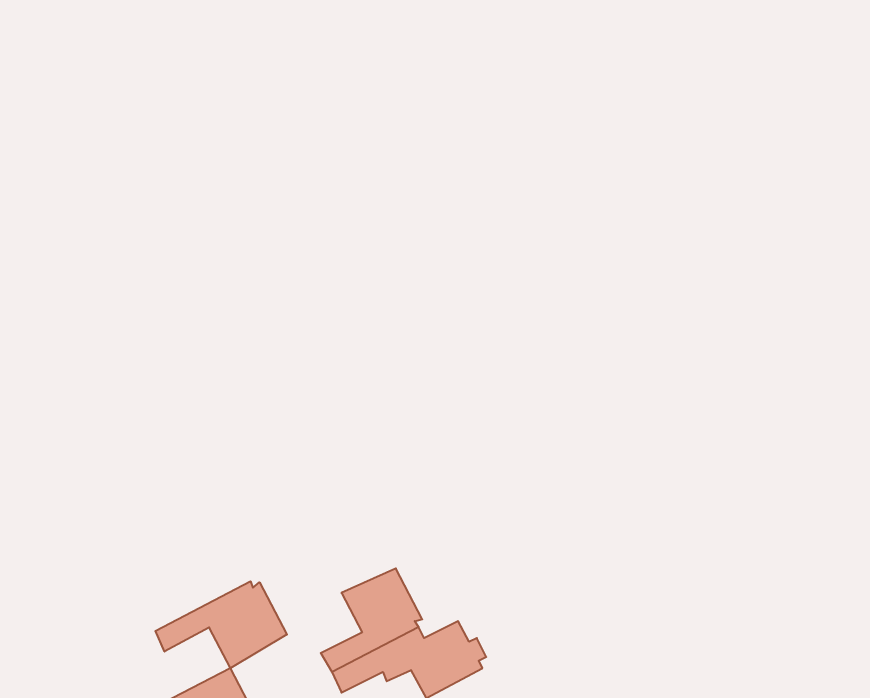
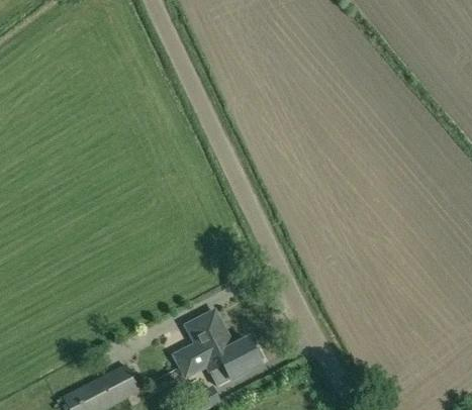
building: [155,581,287,668] -> none

